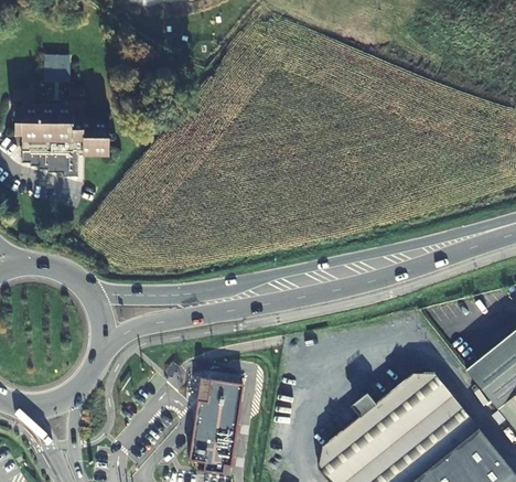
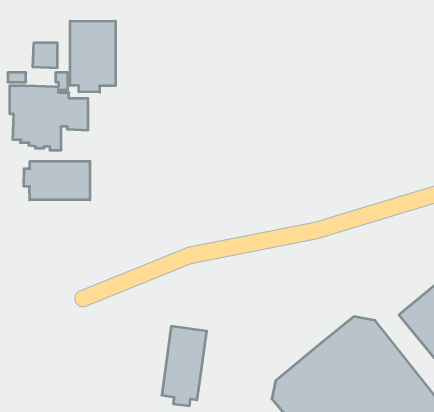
building: none -> [70,21,115,92]
building: none -> [24,161,90,200]

